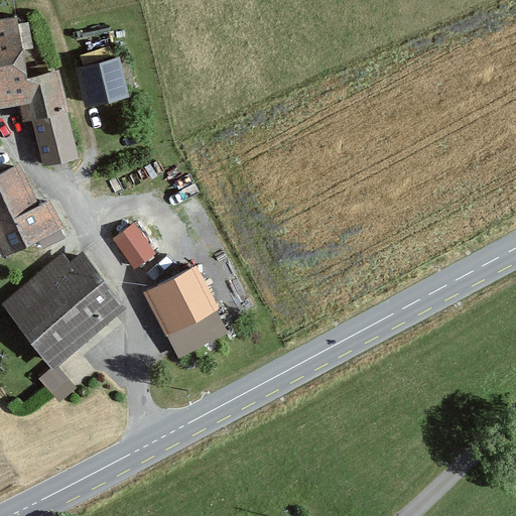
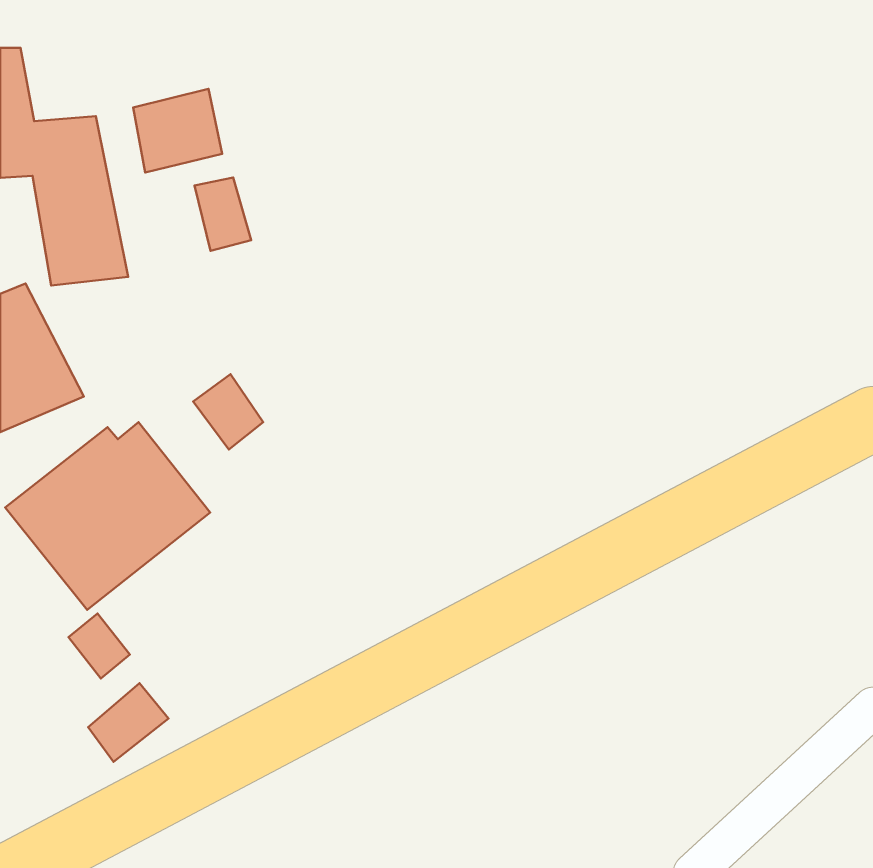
building: none -> [195,178,251,251]
building: [144,265,229,357] -> none
building: none -> [88,683,169,762]

